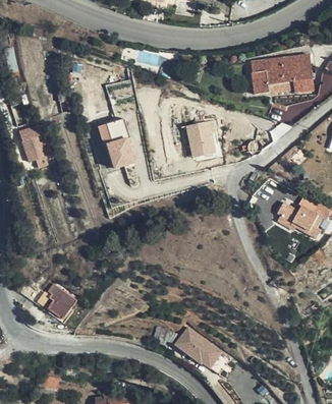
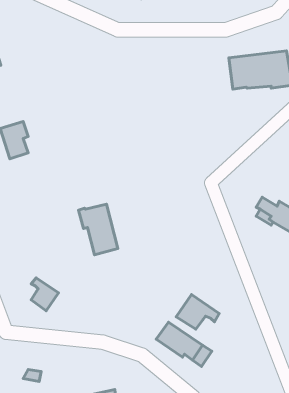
building: [97,117,136,168] -> [78,204,118,255]
building: [187,120,220,157] -> none
building: none -> [176,295,219,329]

